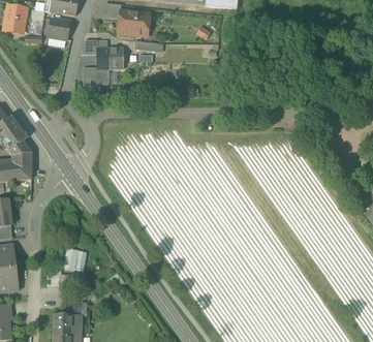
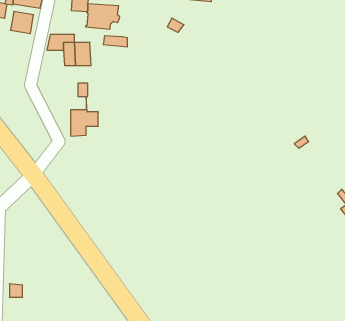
building: [83,54,108,91] -> [71,96,98,136]
building: [62,247,86,270] -> none

